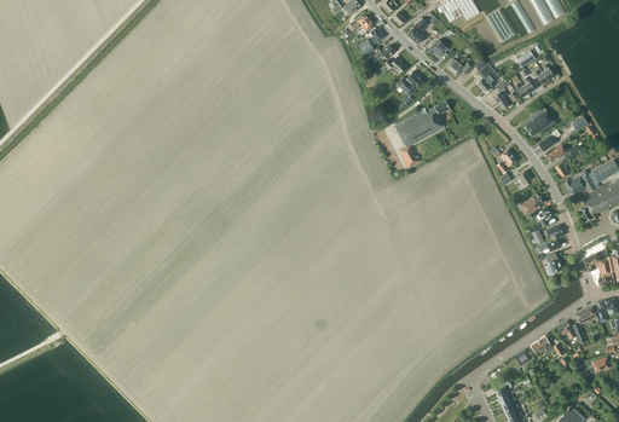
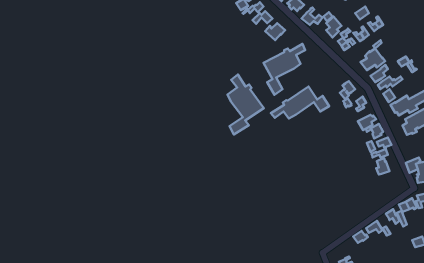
building: none -> [227,75,264,135]
building: none -> [271,87,329,118]

